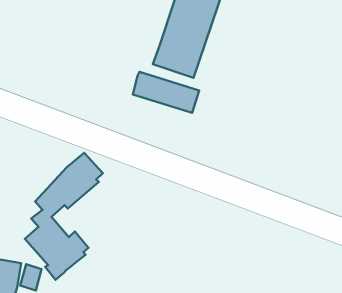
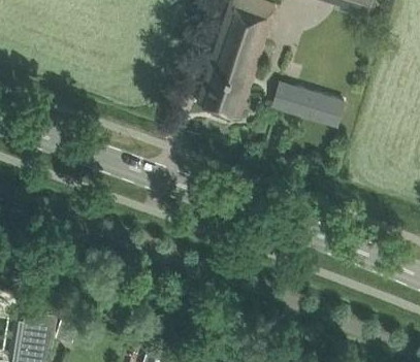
building: [133,72,199,113] -> [273,83,344,126]
building: [25,153,103,280] -> none

